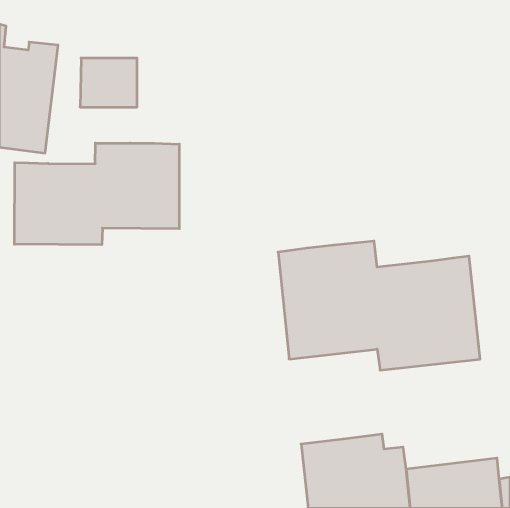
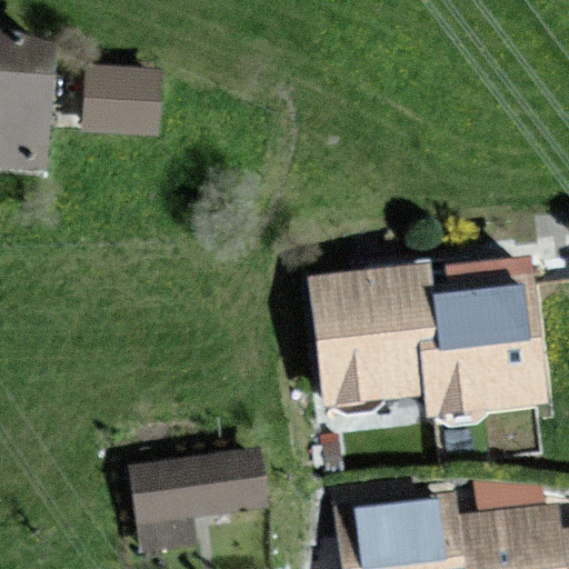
building: [14,143,179,245] -> none
building: none -> [137,456,267,550]

